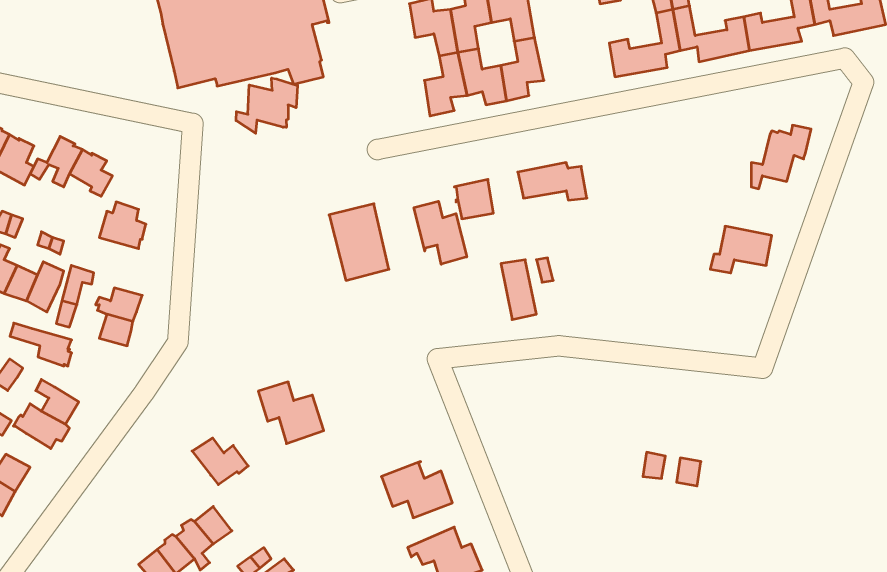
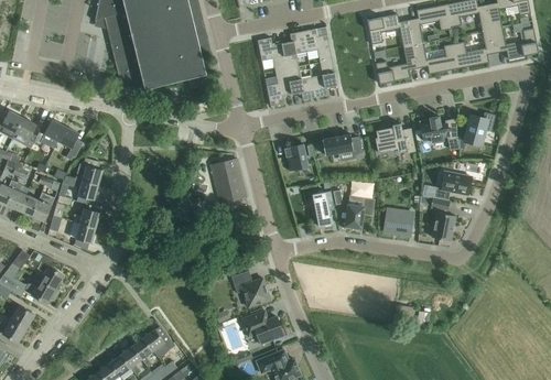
building: [236,78,298,133] -> none
building: none -> [420,116,457,142]
building: none -> [375,123,415,153]
building: [414,201,467,264] -> none
building: none -> [345,198,374,230]
building: none -> [431,198,456,241]
building: none -> [383,209,412,235]
building: [10,323,72,366] -> [62,175,98,200]
building: [258,382,324,444] -> [231,271,270,307]
building: [192,438,248,485] -> [142,329,175,357]

